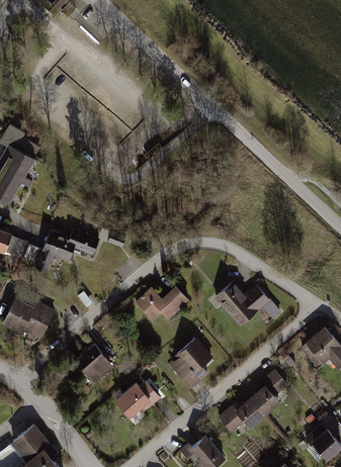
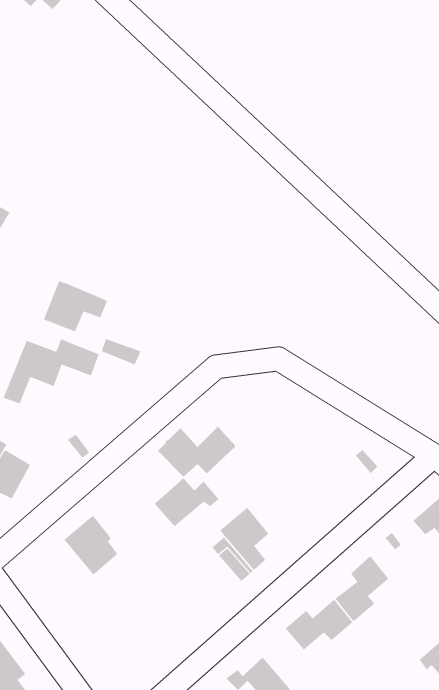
building: none -> [43,280,108,332]
building: [216,283,268,324] -> none
building: [116,384,159,416] -> [154,477,219,527]

